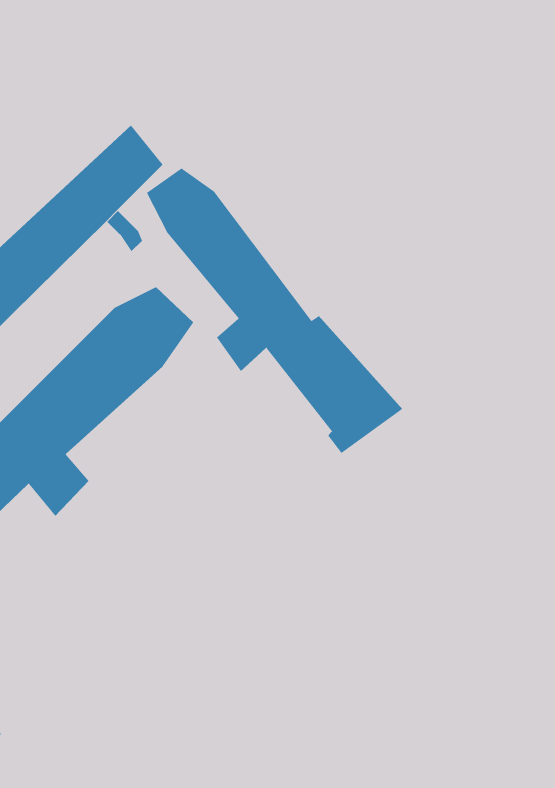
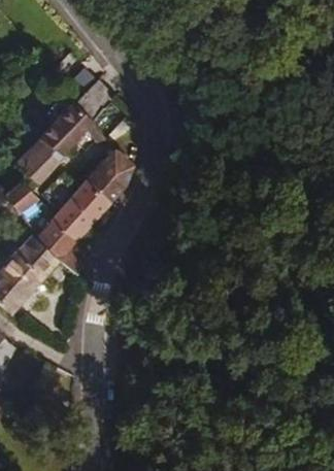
building: [146,168,403,454] -> none

